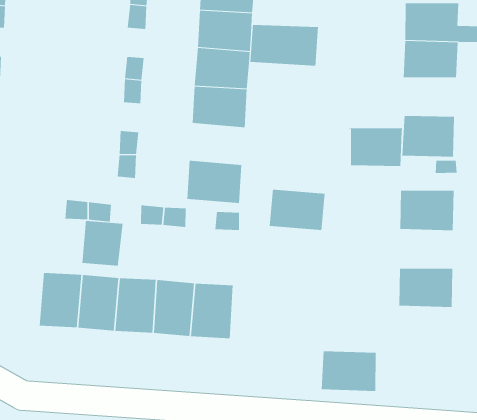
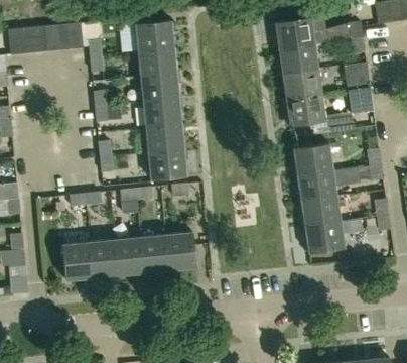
building: [250,24,318,66] -> none
building: [349,128,403,167] -> [281,68,320,99]
building: [269,189,326,231] -> [145,125,183,153]
building: [82,220,123,267] -> none
building: none -> [296,170,336,202]
building: [321,351,377,392] -> [304,222,345,253]

